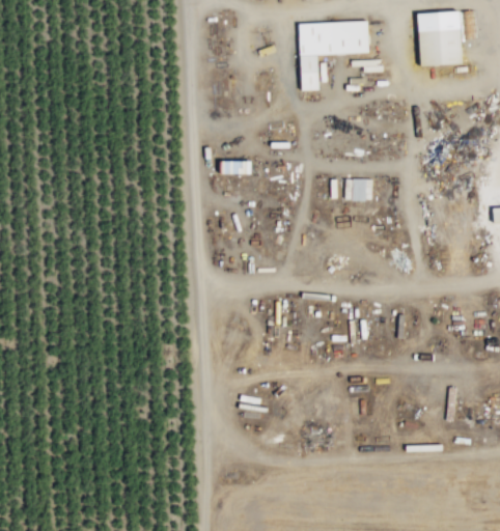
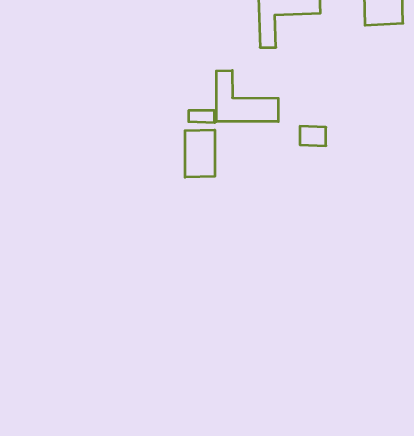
building: none -> [216,70,278,122]
building: none -> [185,130,215,177]

